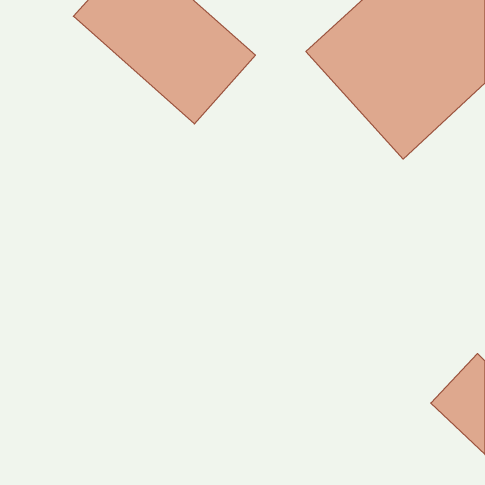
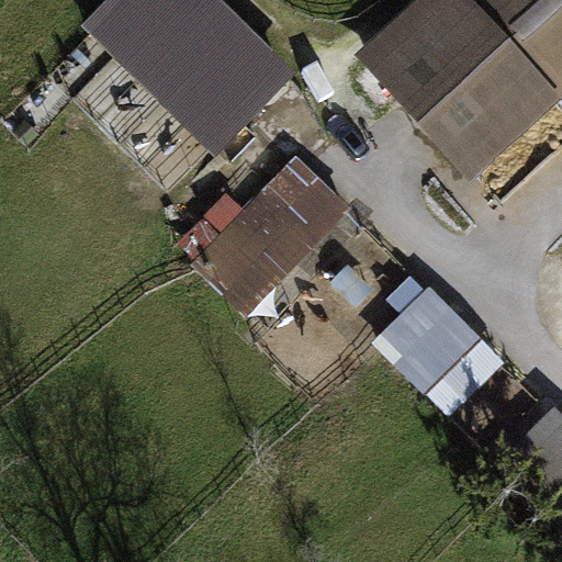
building: none -> [187,153,355,319]
building: none -> [376,291,510,419]

